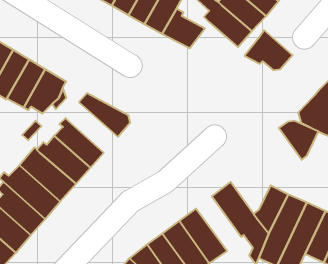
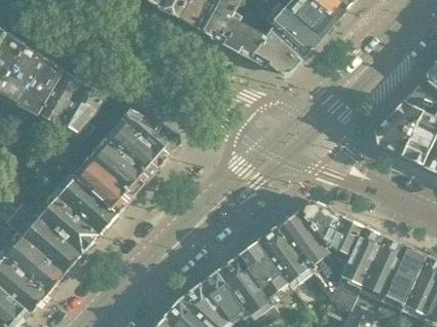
building: [245,30,293,70] -> [248,27,303,73]
building: none -> [107,119,165,178]
building: [279,121,319,160] -> [295,204,341,249]
building: none -> [255,228,307,292]

